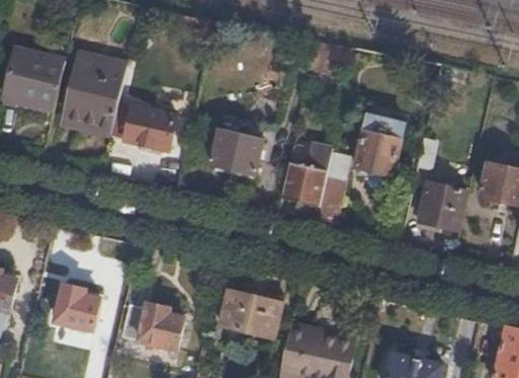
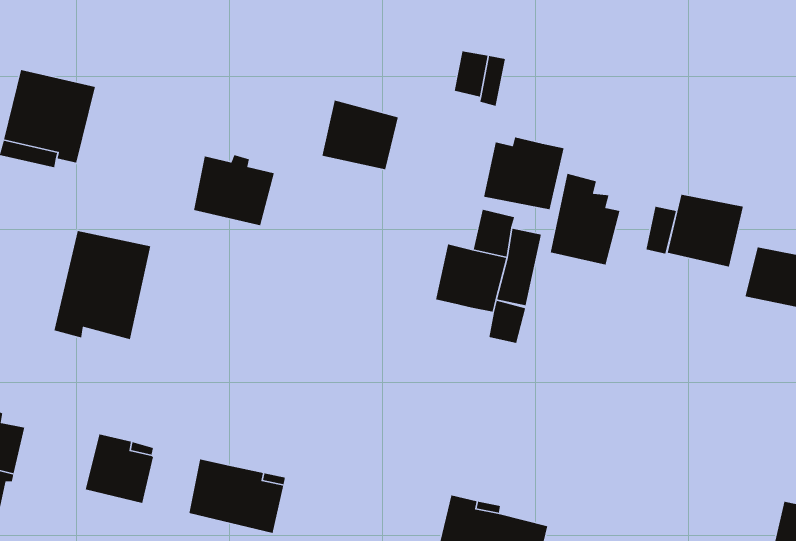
building: [62,54,125,125] -> [54,230,151,340]
building: none -> [483,137,565,210]
building: [212,129,262,174] -> [322,100,399,170]
building: [418,180,467,228] -> [667,194,744,267]
building: [219,291,283,338] -> none

